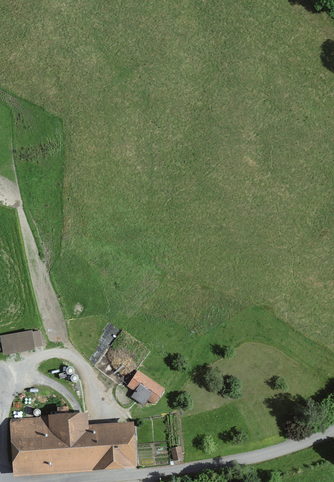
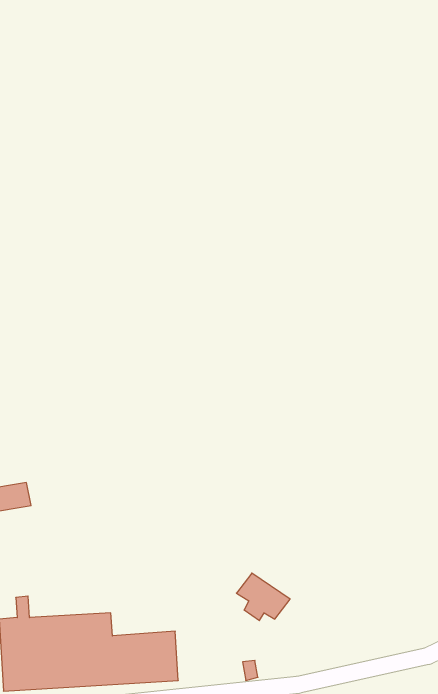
building: [129,373,164,404] -> [236,573,290,621]

